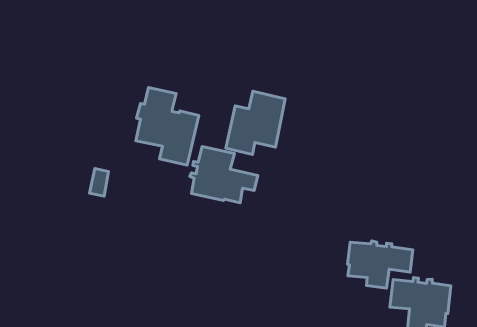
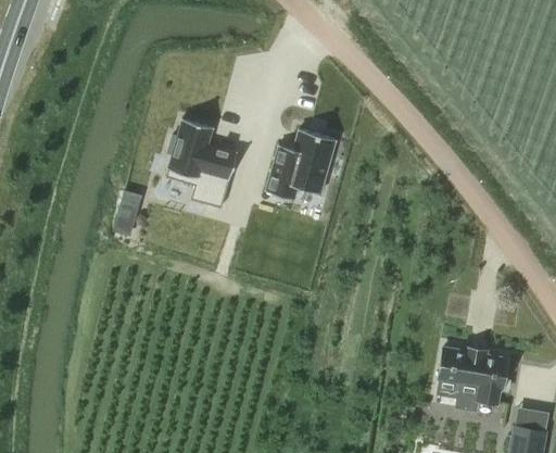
building: [190,147,258,203] -> none
building: [348,241,413,288] -> none

